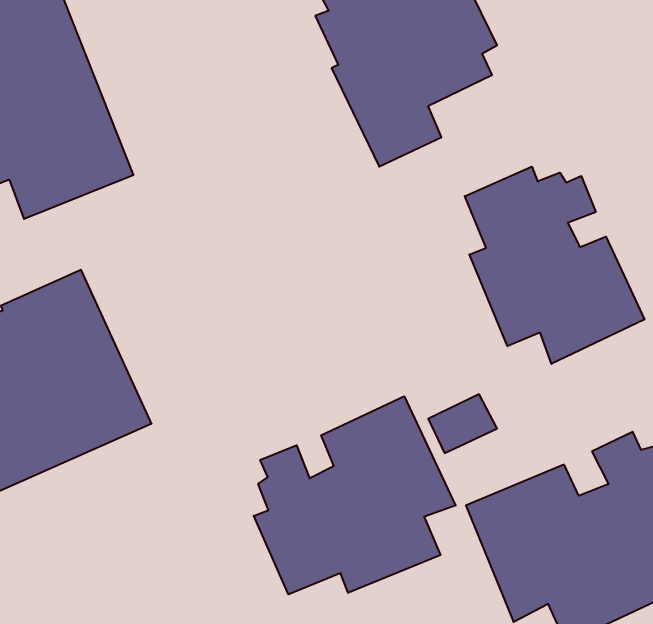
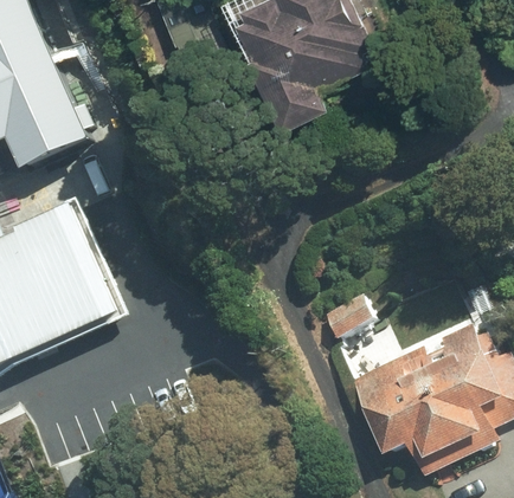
building: [465,167,644,364] -> none
building: [254,396,456,594] -> none

